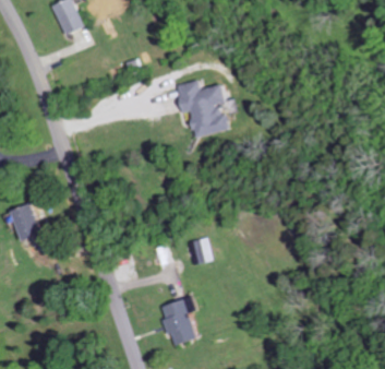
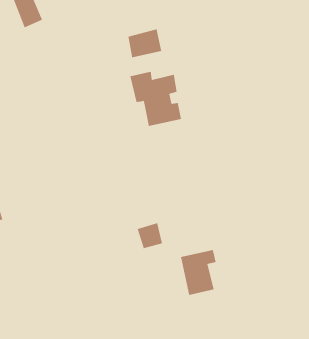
building: none -> [128,29,162,58]
building: [161,297,200,345] -> [180,250,217,296]

